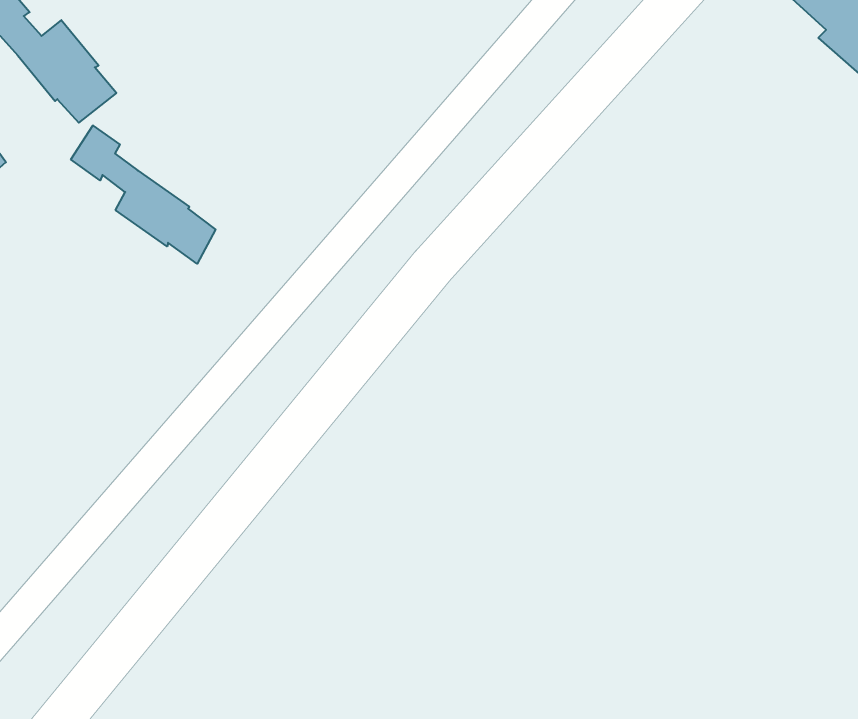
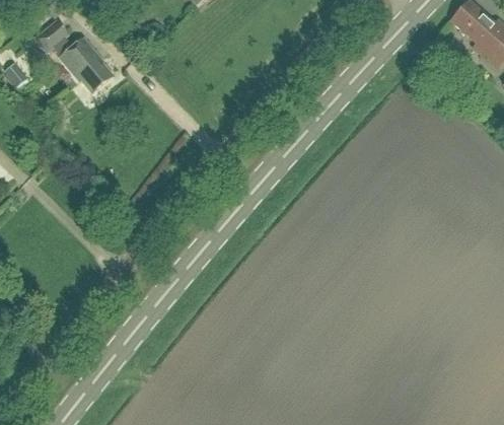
building: [71,125,216,264] -> none

